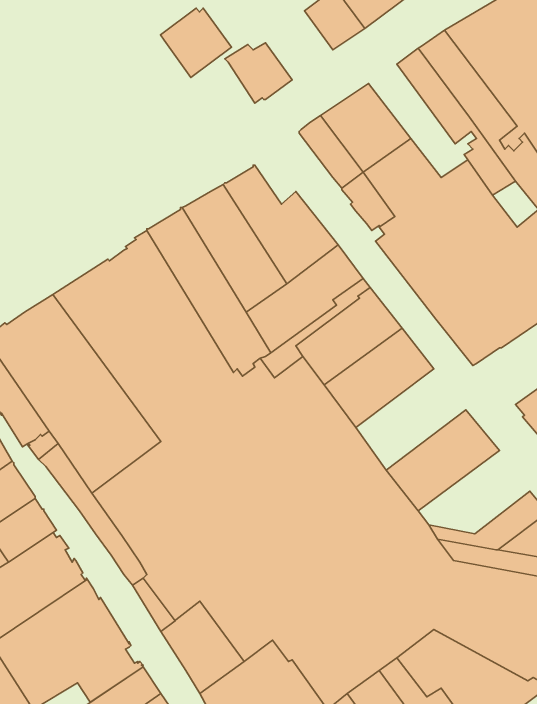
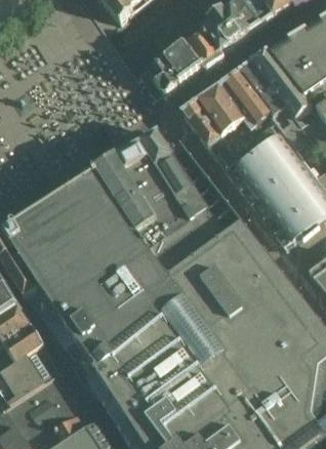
building: [161,8,232,77] -> [161,38,202,78]
building: none -> [222,69,280,134]
building: none -> [215,245,279,303]
building: none -> [251,292,316,340]

